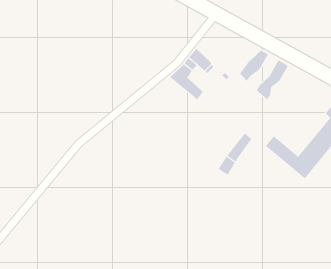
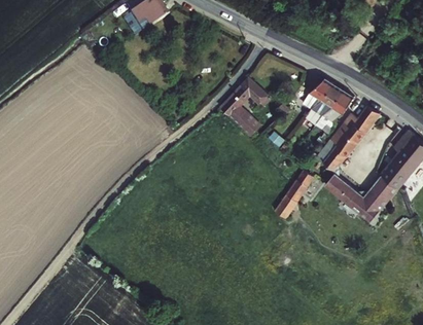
building: none -> [304,83,341,125]
building: none -> [317,100,385,171]

